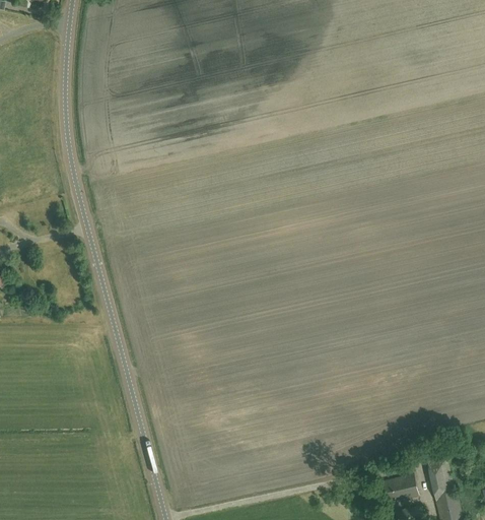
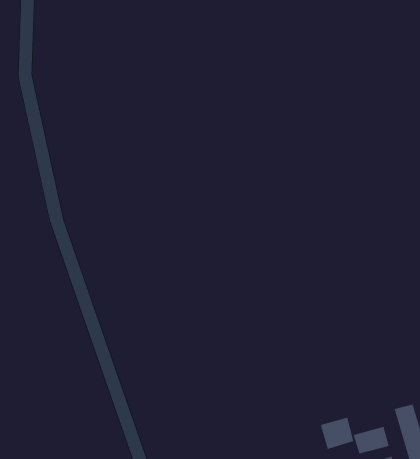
building: none -> [320,417,354,450]

